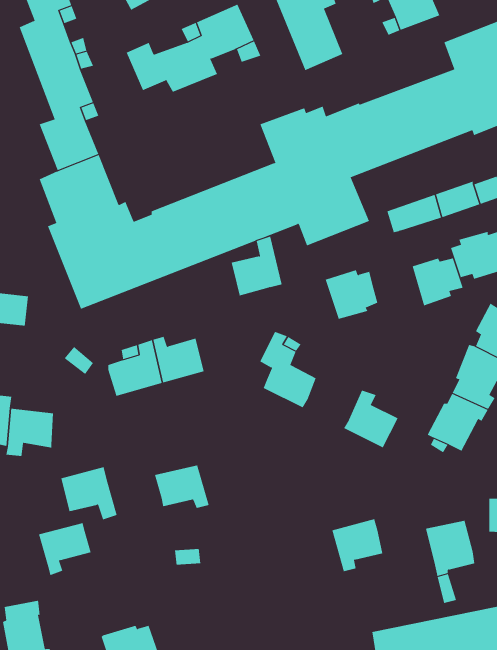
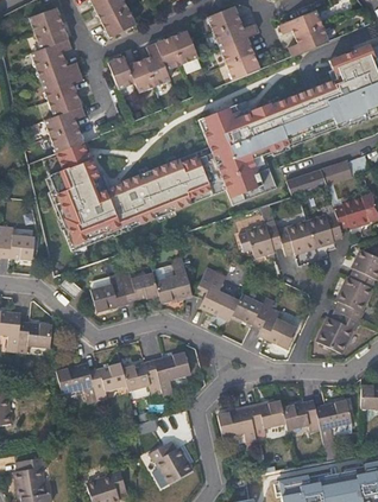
building: [231,236,283,296] -> [156,260,193,303]
building: none -> [279,218,315,253]
building: none -> [233,291,275,328]
building: none -> [155,351,191,390]
building: none -> [283,398,322,431]
building: [38,522,92,576] -> [90,362,128,400]
building: none -> [219,406,259,446]
building: none -> [150,437,193,482]

